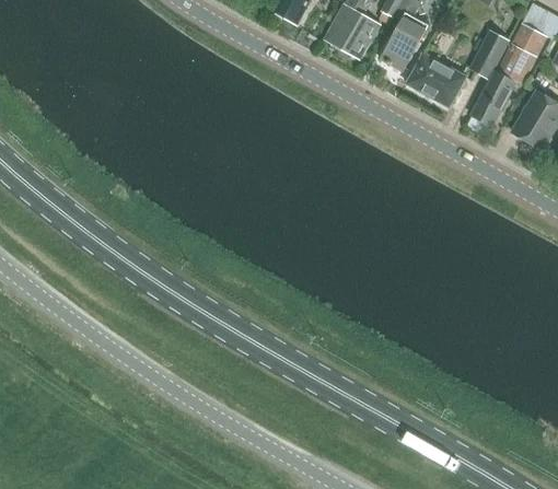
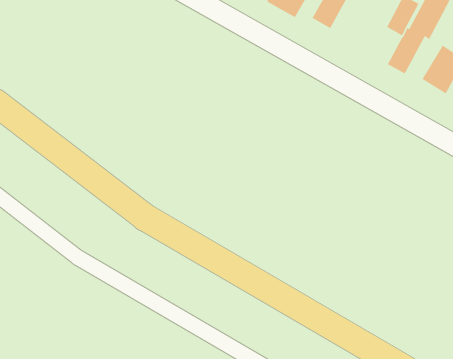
building: [406,51,466,105] -> none

